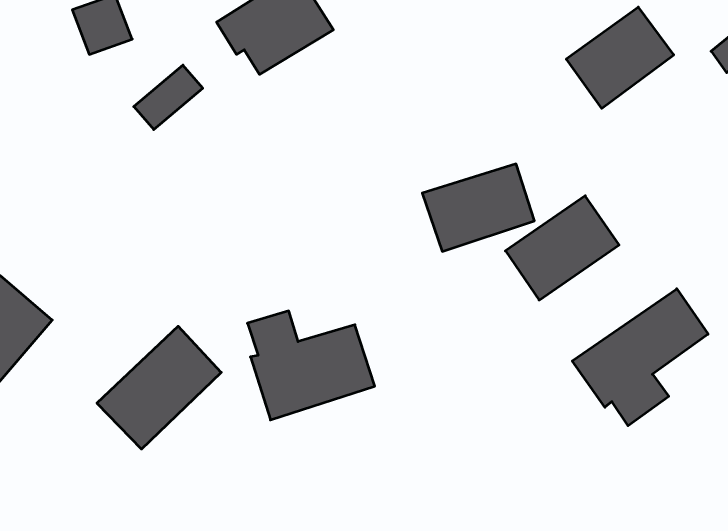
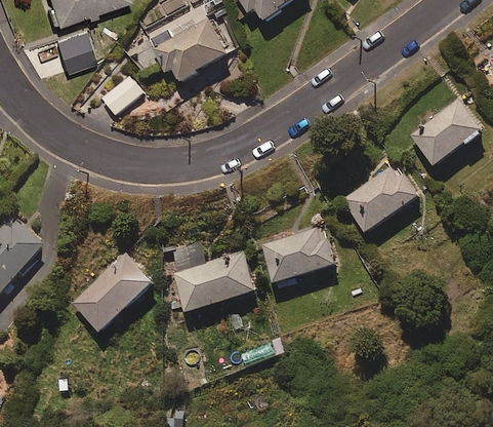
building: [566,7,674,108] -> [411,100,483,167]
building: [422,164,534,251] -> [261,227,336,285]
building: [572,289,708,426] -> none

